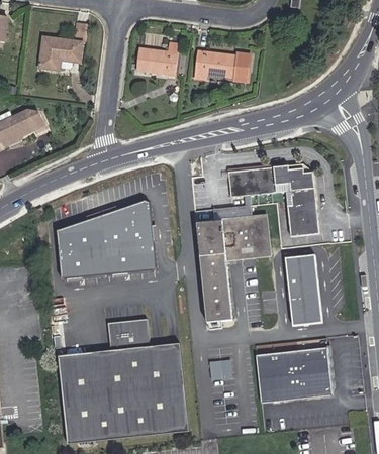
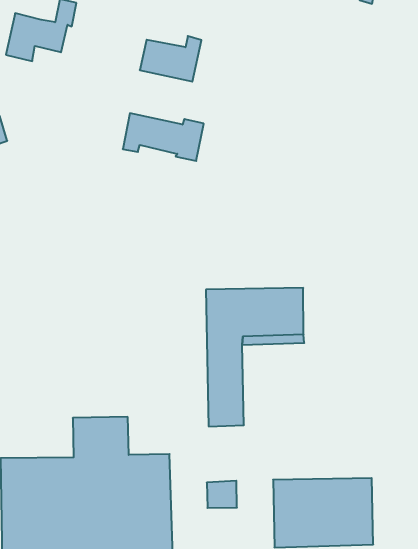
building: [194,50,251,81] -> [123,113,204,161]
building: [227,165,318,238] -> none
building: [54,201,154,278] -> none
building: [283,254,321,326] -> none

